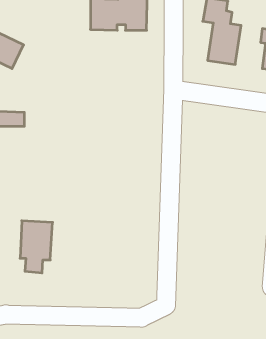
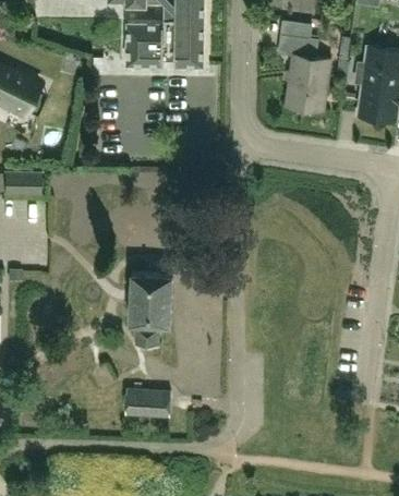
building: [20,221,53,273] -> [131,271,174,341]
building: none -> [125,388,172,415]

